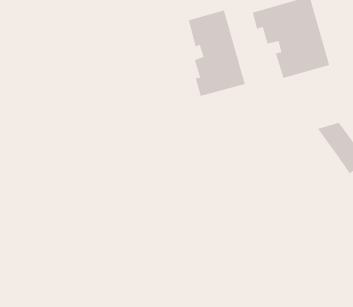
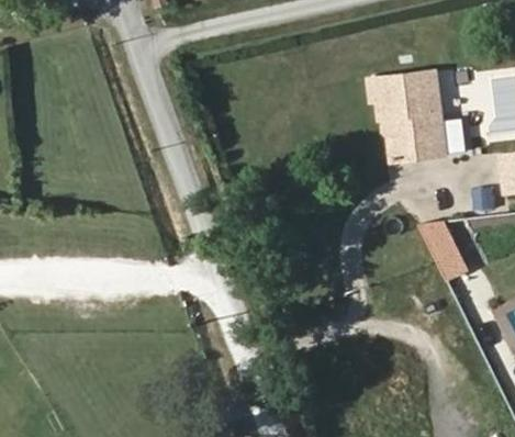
building: [188,9,246,97] -> none

